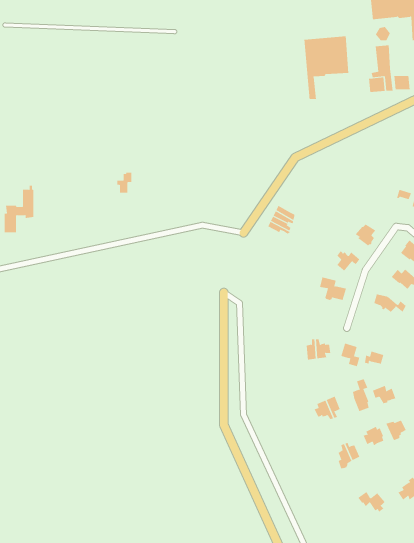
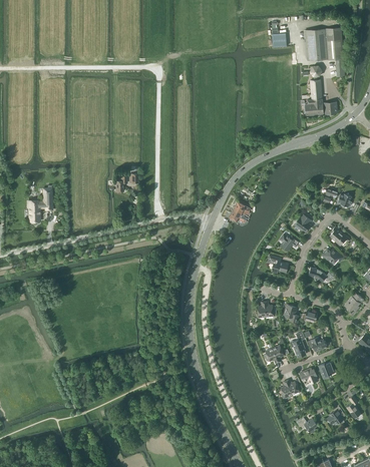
building: [304,36,349,100] -> none

